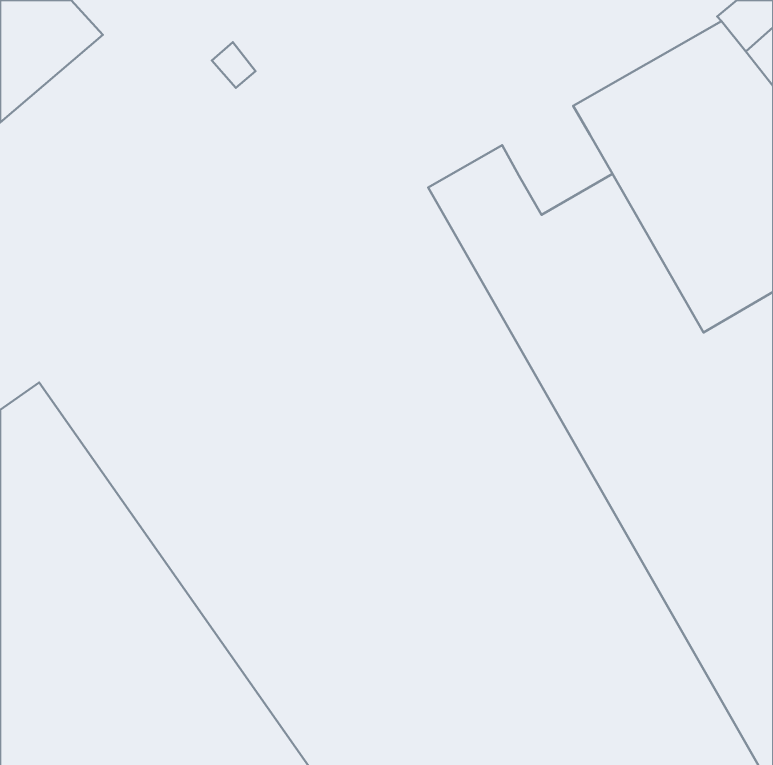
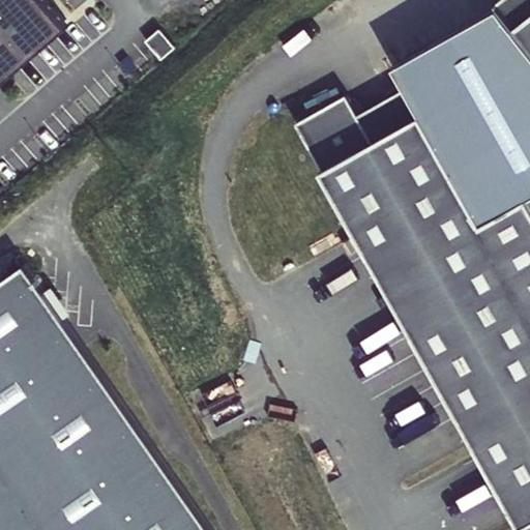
building: none -> [355,97,419,152]

